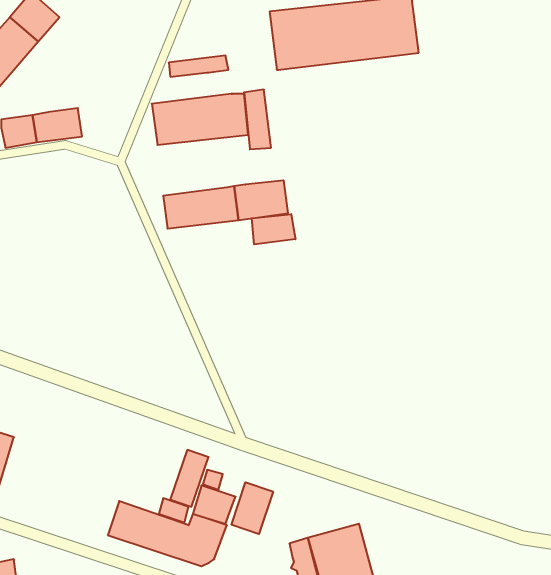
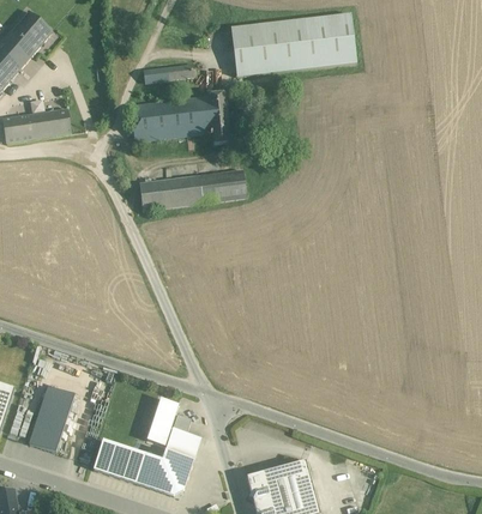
building: [252,214,295,244] -> none
building: none -> [29,386,74,452]
building: [232,482,273,534] -> none

